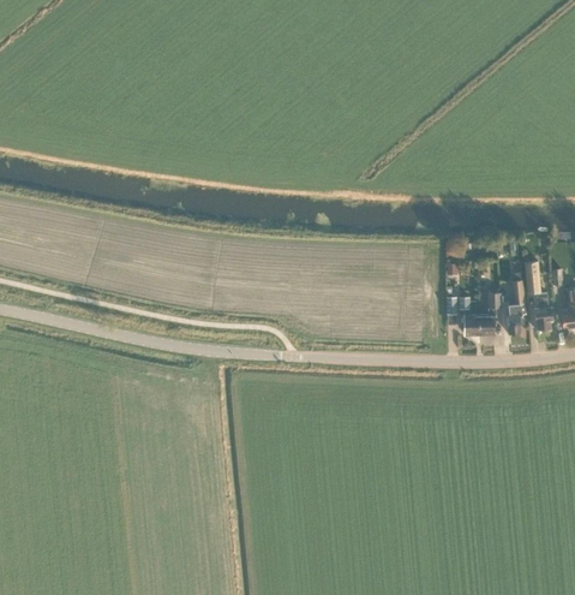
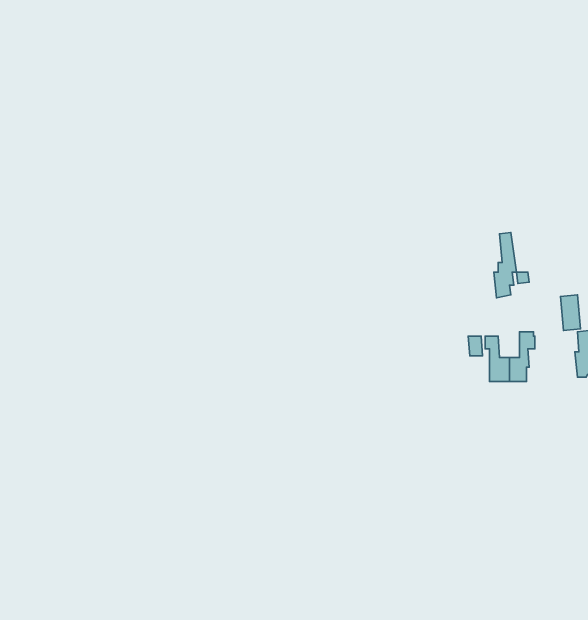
building: [504,279,523,334] -> [494,233,517,298]

